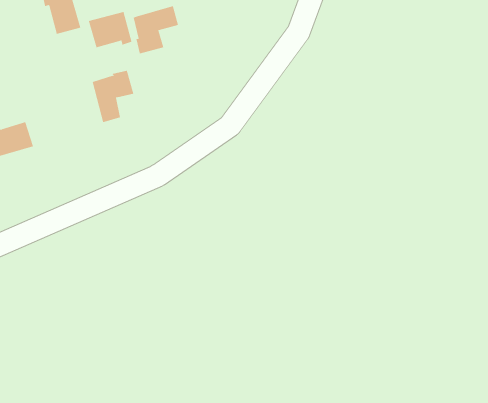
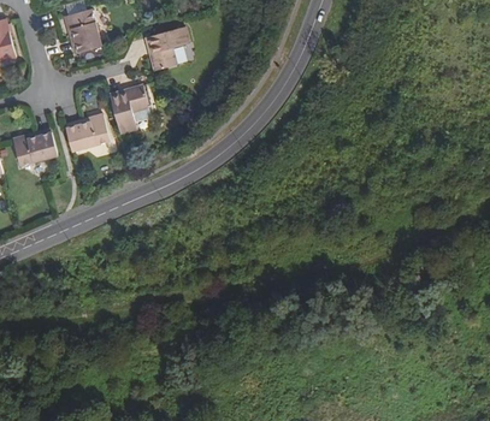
building: [88,11,132,48] -> none
building: none -> [65,114,108,152]

